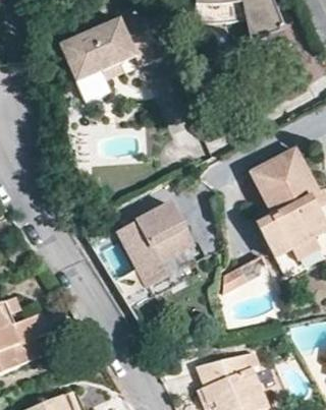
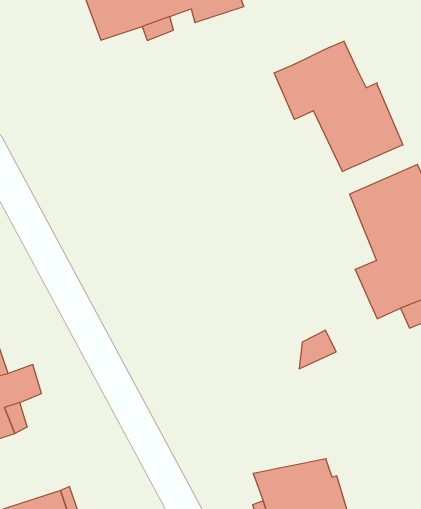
building: none -> [274,41,403,172]
building: [118,206,196,289] -> none

